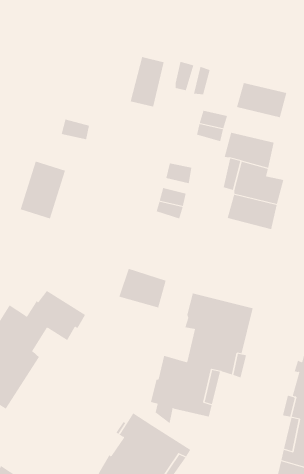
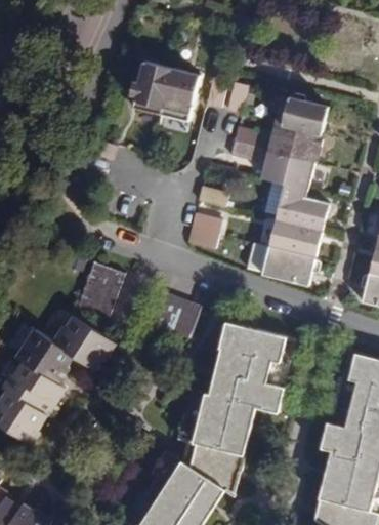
building: none -> [128,62,172,116]
building: none -> [267,122,321,160]
building: [20,161,66,219] -> [73,265,122,327]
building: none -> [256,241,311,282]
building: none -> [183,445,245,494]

